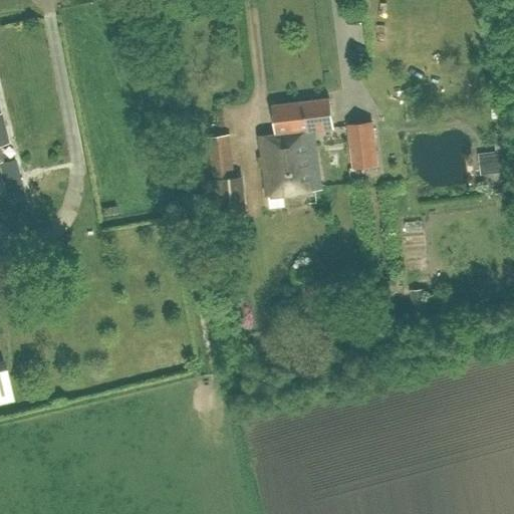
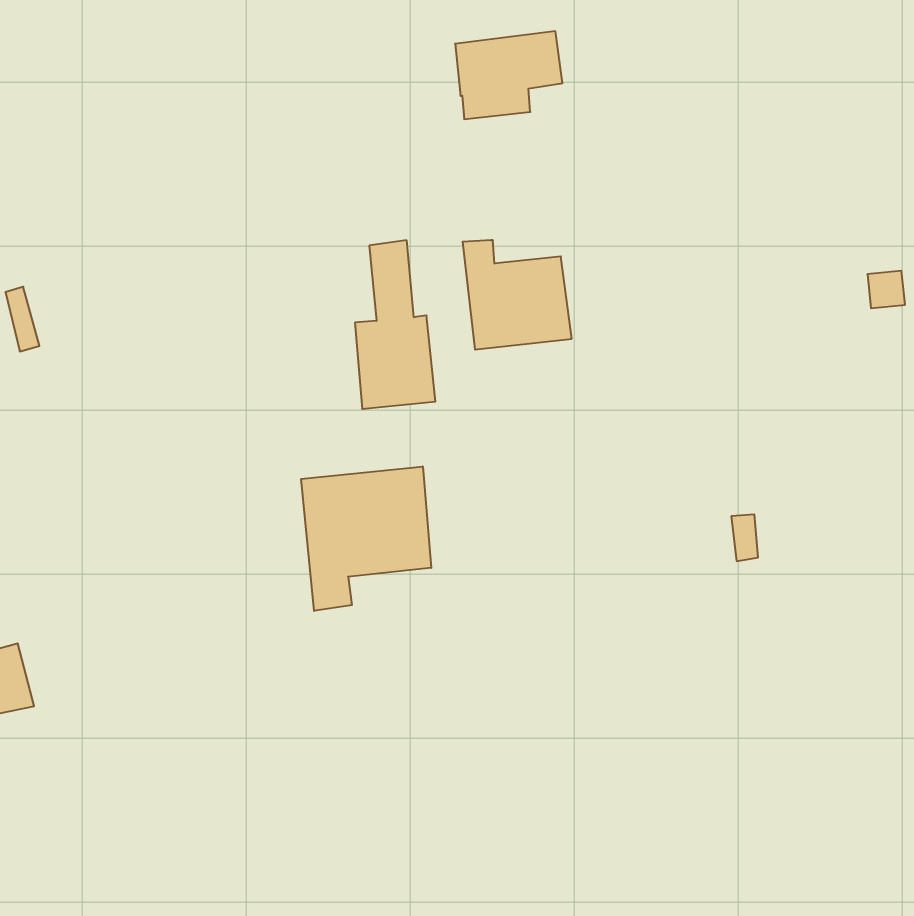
building: [272,98,332,148] -> [455,31,563,119]
building: [345,121,377,169] -> none
building: none -> [301,466,431,611]

